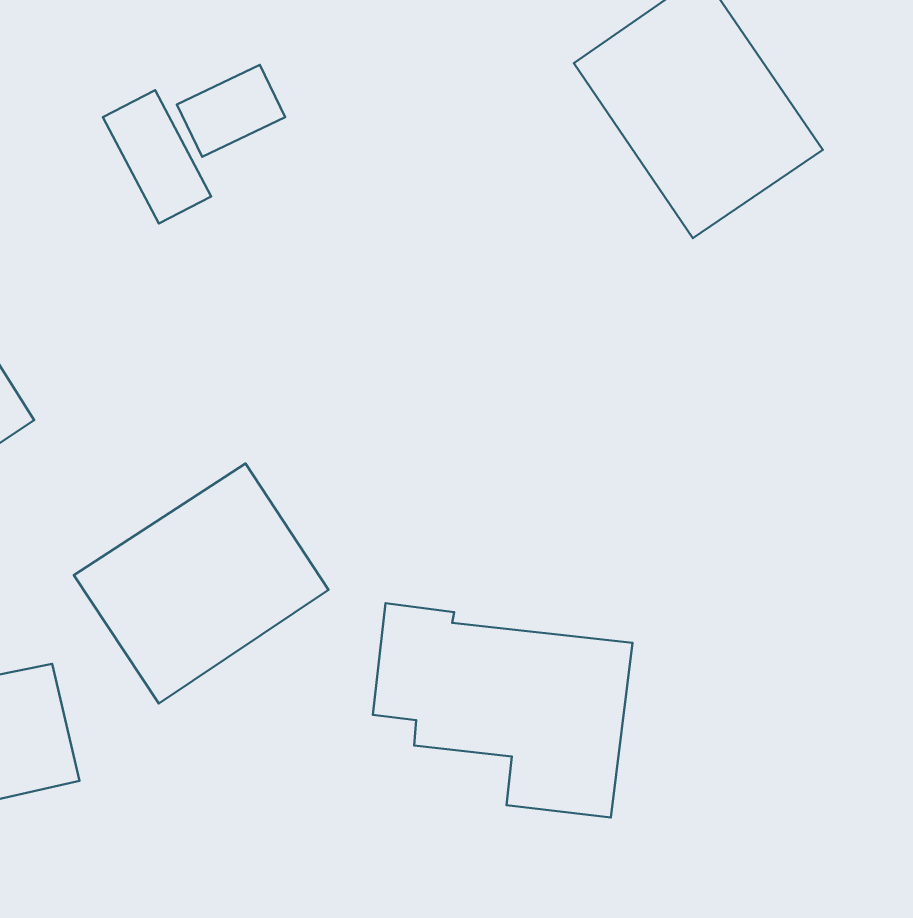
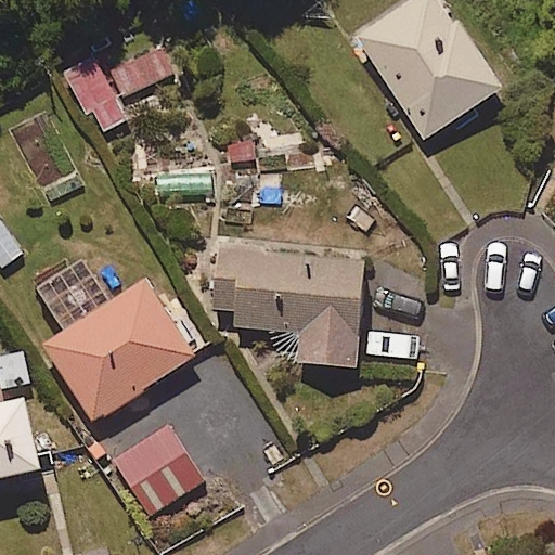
building: [373,603,633,818] -> [215,240,371,369]
building: none -> [111,423,203,515]

